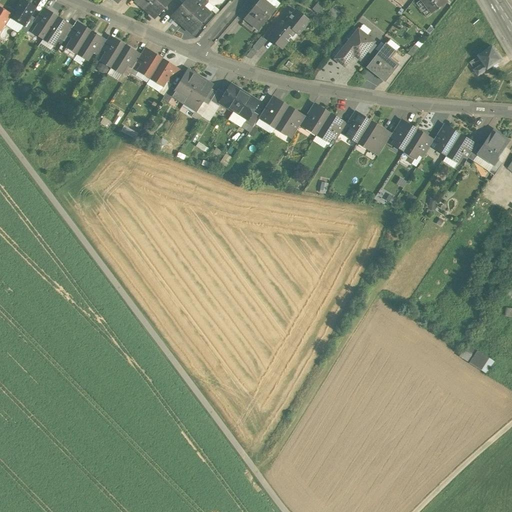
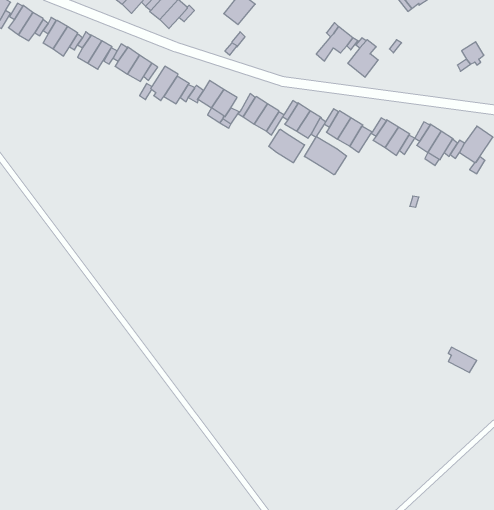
building: [268,10,308,48] -> none
building: none -> [269,129,305,163]
building: none -> [304,137,347,175]

